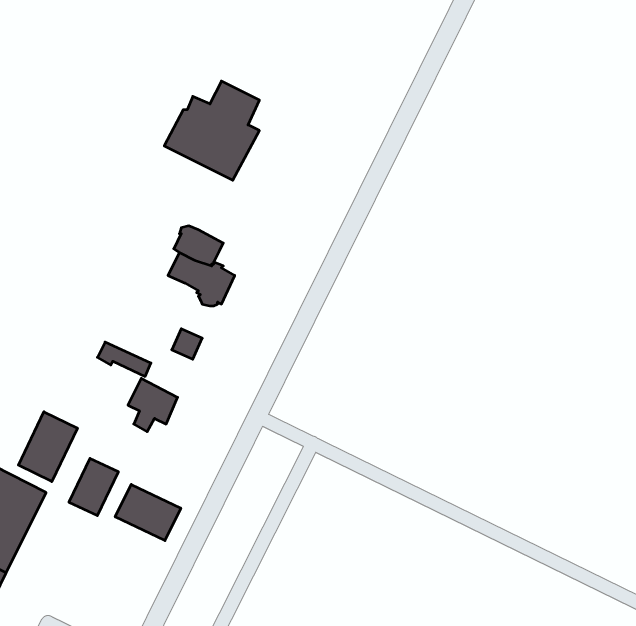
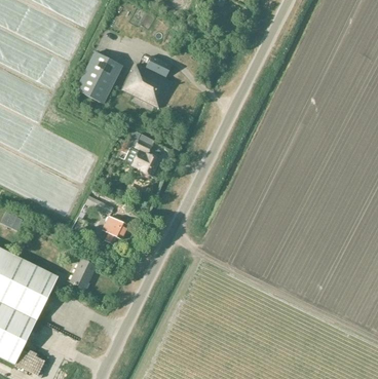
building: none -> [74,50,122,104]
building: [18,412,77,482] -> none
building: [115,484,181,541] -> none

